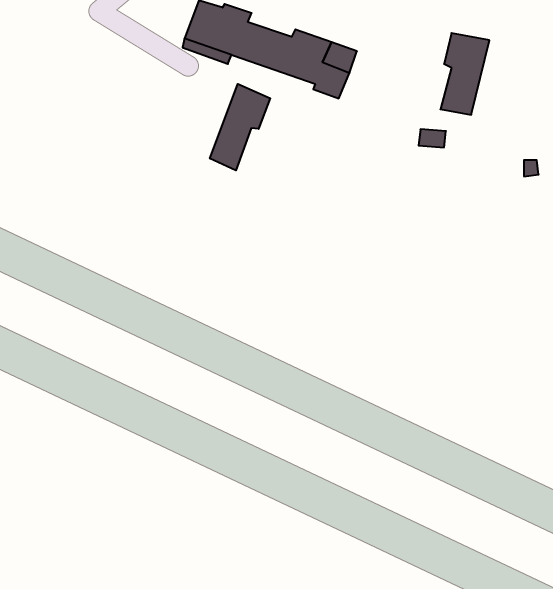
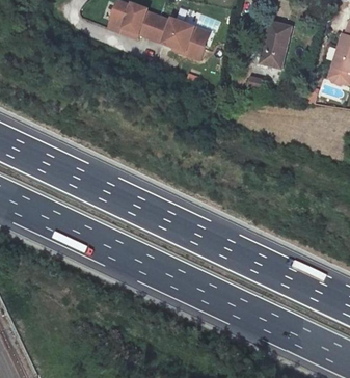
building: [210,84,270,170] -> none

